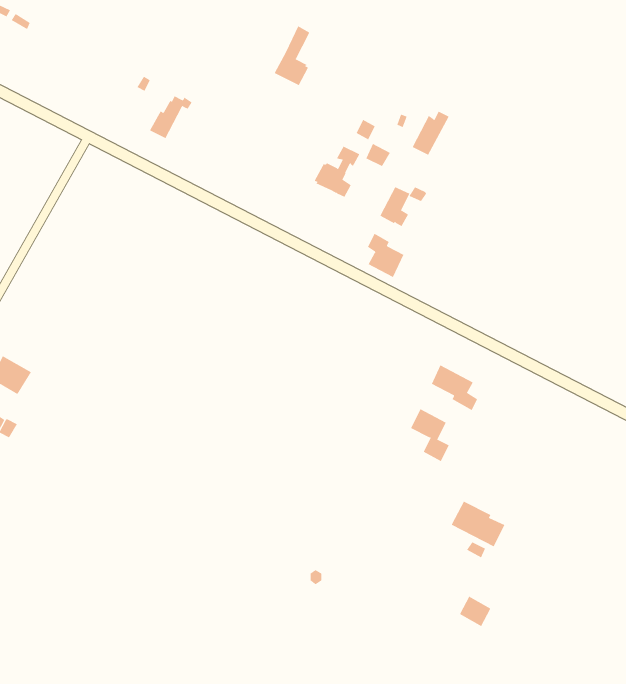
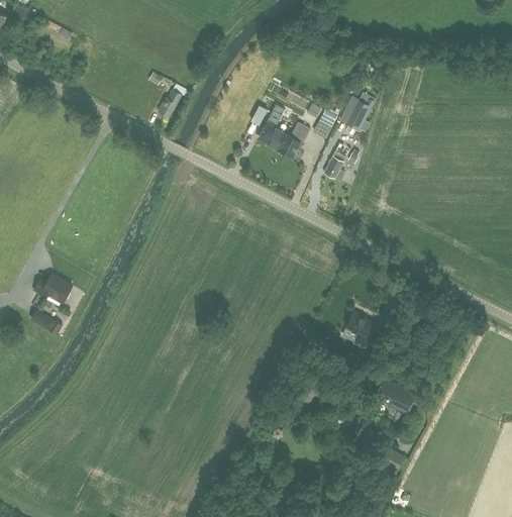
building: [274,26,310,86] -> [258,103,284,146]
building: [367,233,404,278] -> none
building: [431,365,478,411] -> none

